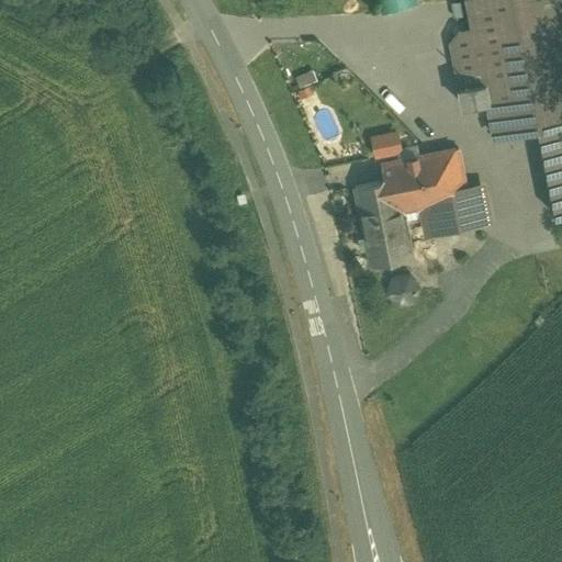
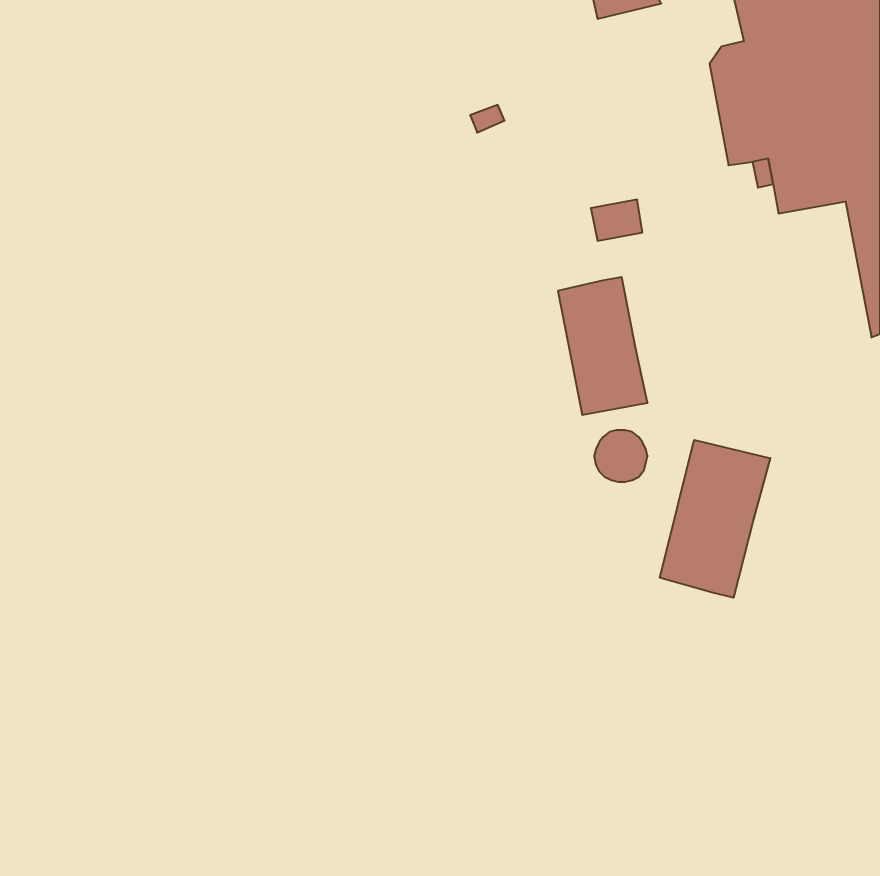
building: [381,147,485,231] -> none
building: none -> [660,440,770,598]

